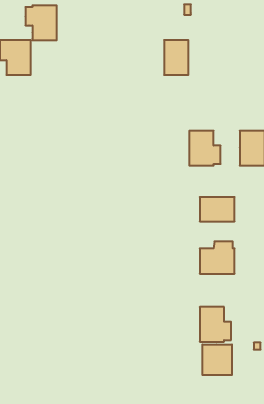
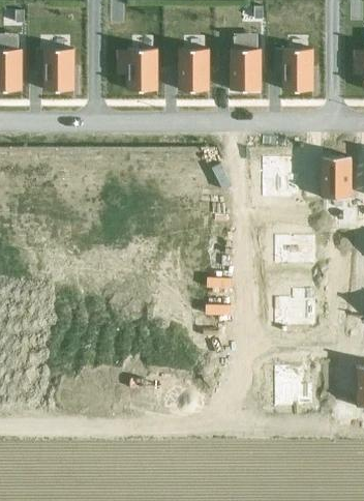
building: [25,5,57,40] -> [119,49,156,90]
building: none -> [178,49,208,90]
building: none -> [274,49,312,90]
building: [202,344,232,375] -> none

